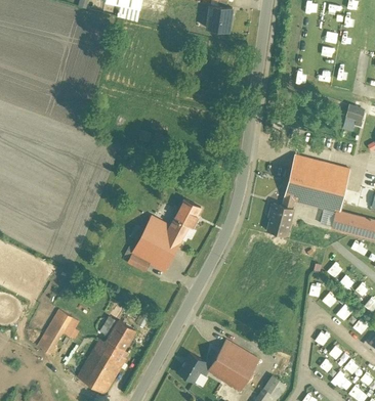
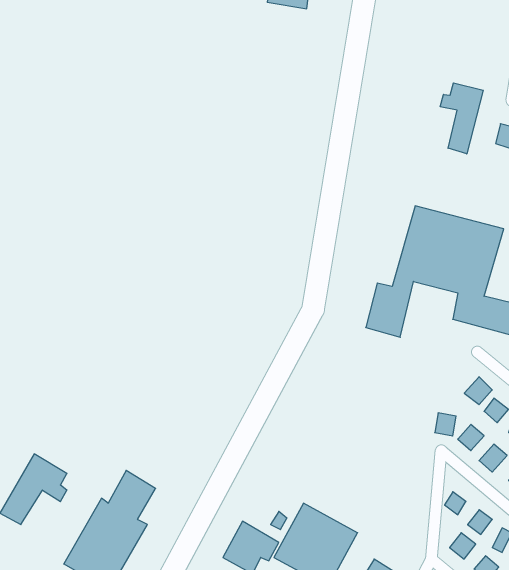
building: none -> [440,83,483,154]
building: [126,199,199,272] -> none

